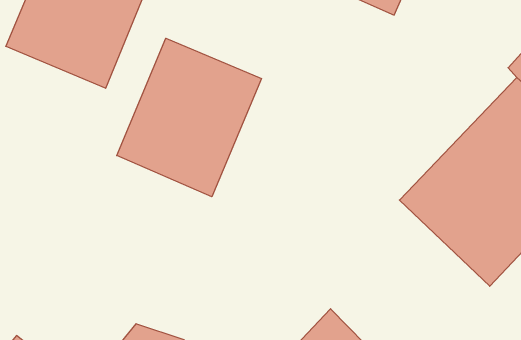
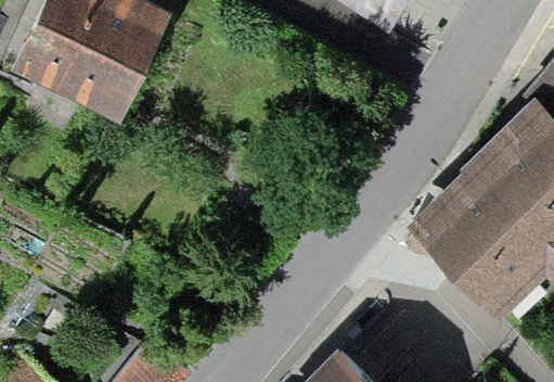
building: [117,38,262,197] -> none

